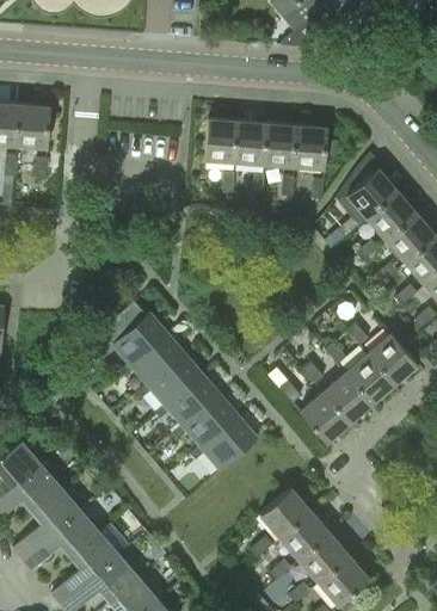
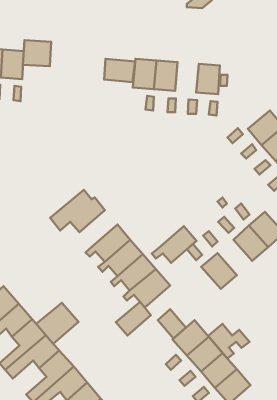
building: none -> [23,40,51,66]
building: none -> [104,59,135,82]
building: [263,123,296,166] -> none
building: [346,168,396,217] -> none
building: [118,332,181,383] -> [152,226,197,263]
building: [322,374,371,424] -> none
building: none -> [116,302,151,336]
building: none -> [36,303,78,344]
building: none -> [158,309,186,339]
building: none -> [208,324,249,358]

